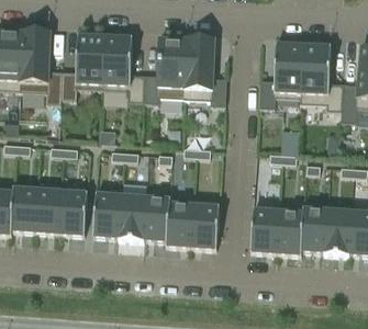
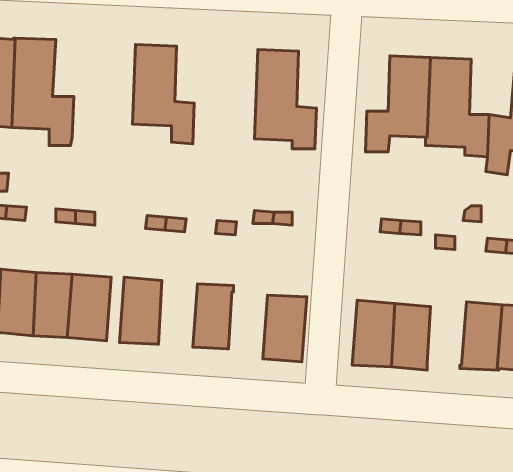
building: [62,34,104,99] -> none
building: [143,37,187,102] -> none
building: [118,194,146,240] -> none
building: [166,202,193,247] -> none
building: [301,207,327,251] -> none

